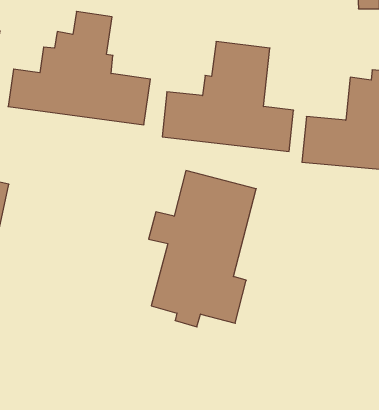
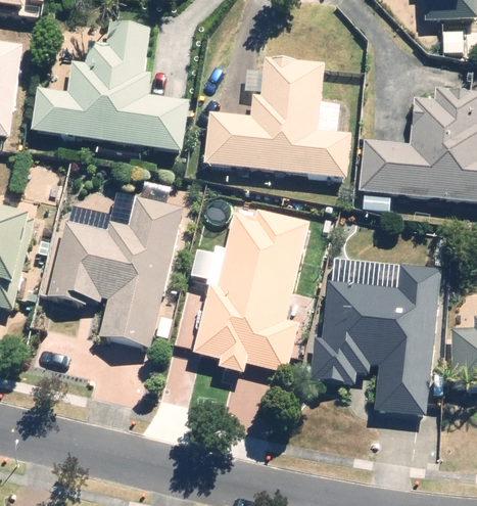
building: none -> [47,194,183,347]
building: none -> [308,262,440,417]

